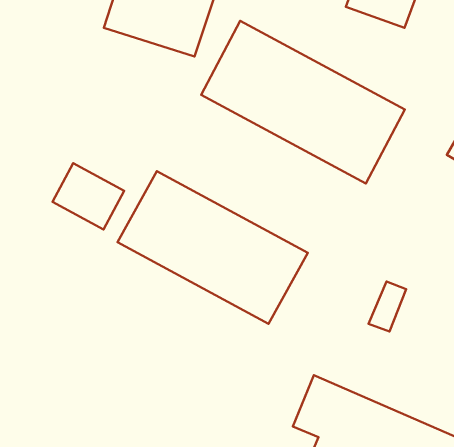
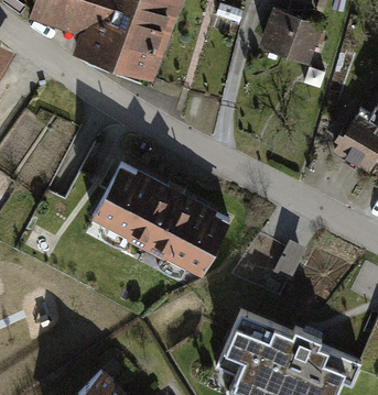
building: [201,21,405,184] -> none
building: [53,163,124,230] -> none

